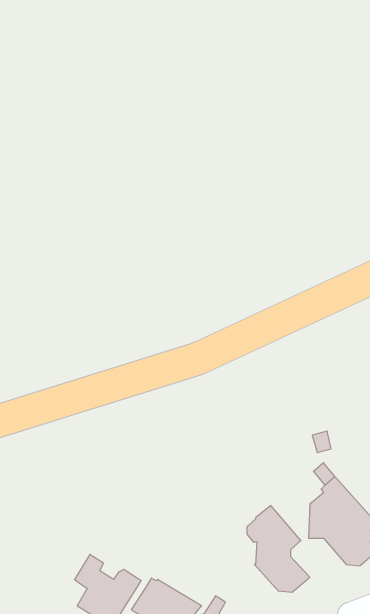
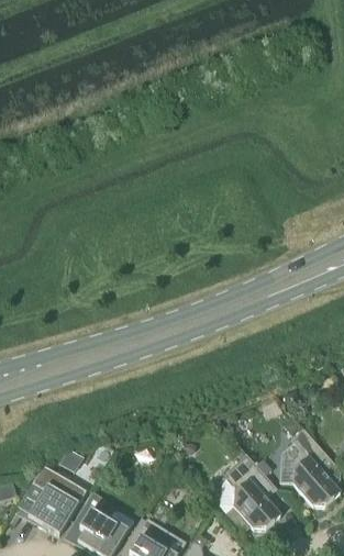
building: none -> [18,464,88,536]

